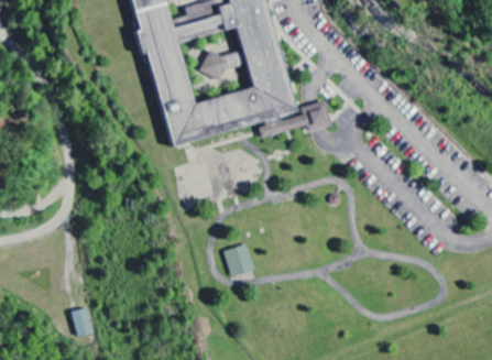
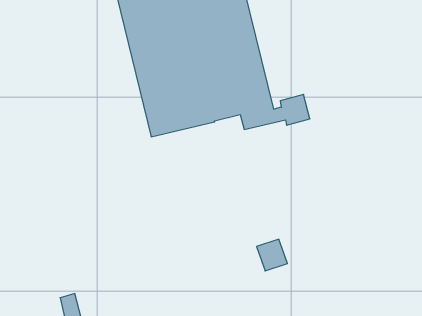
building: [223,243,255,276] -> [257,239,287,271]

